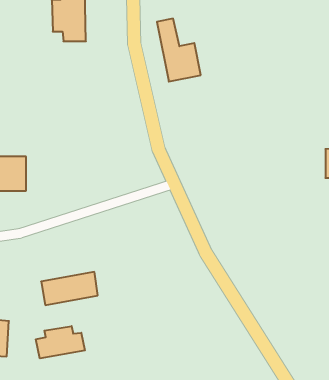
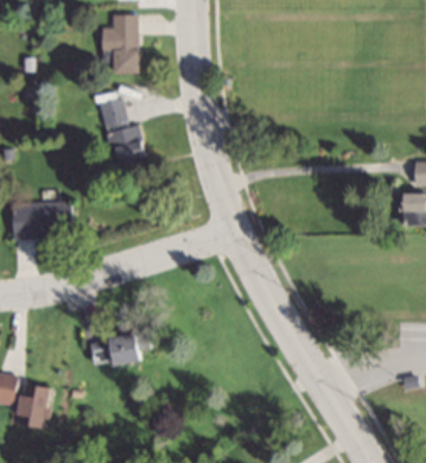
building: [157,19,201,82] -> [101,97,150,167]
building: [36,326,85,358] -> none

